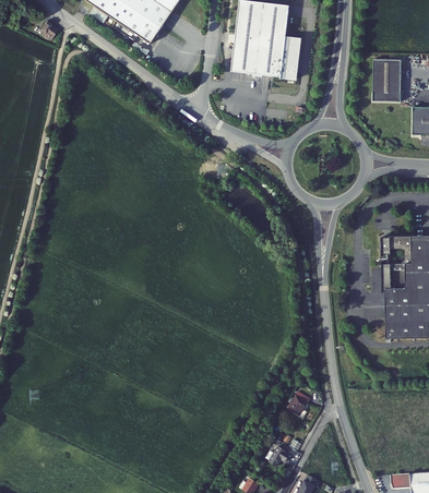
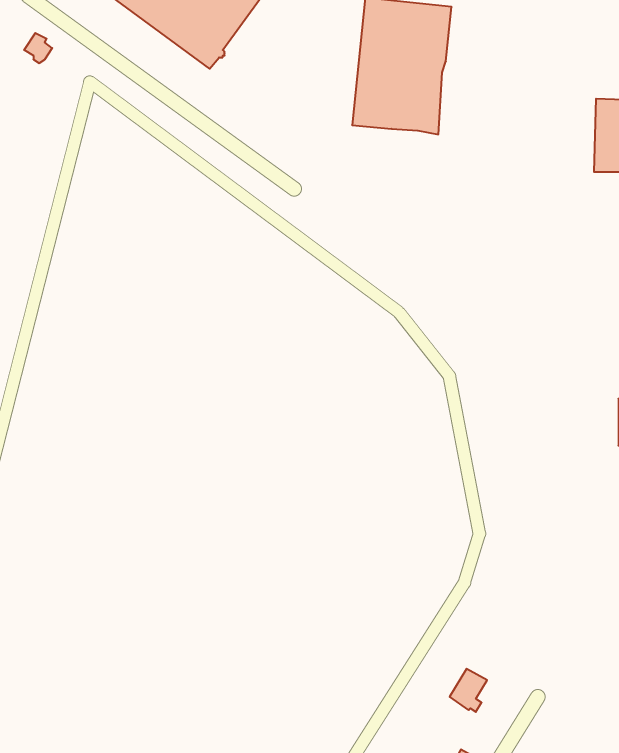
building: [282,38,301,83] -> none

